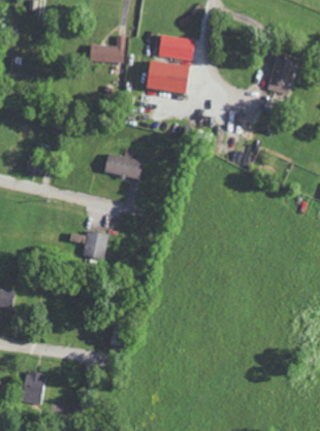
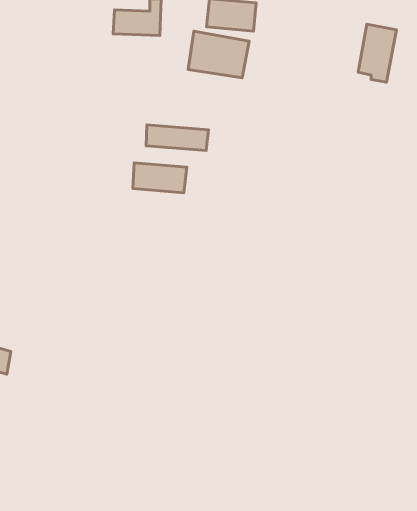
building: none -> [146,125,209,151]
building: [83,232,107,260] -> none
building: [22,372,43,404] -> none

